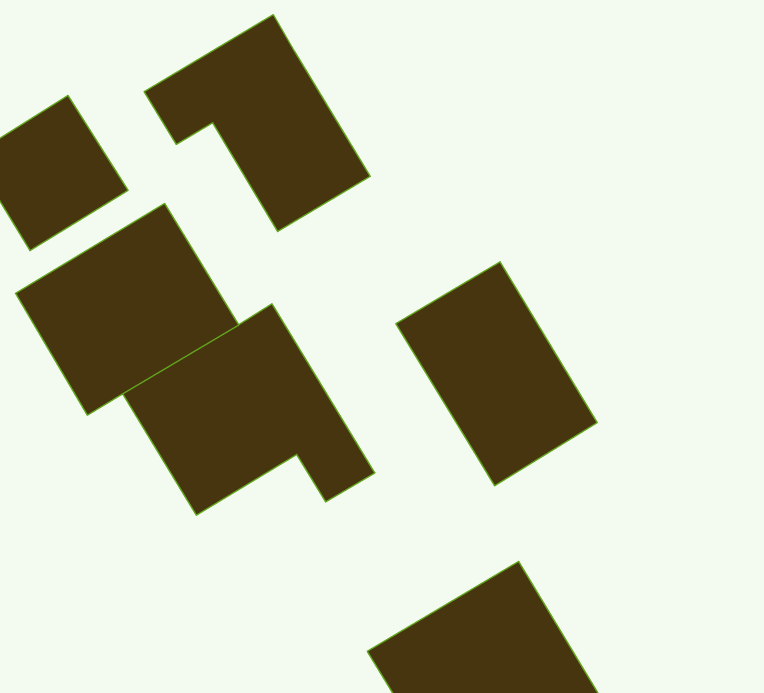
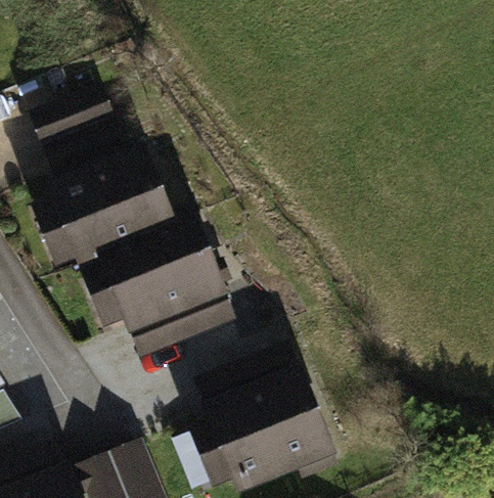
building: [144,15,370,232] -> none
building: [396,262,597,486] -> none

